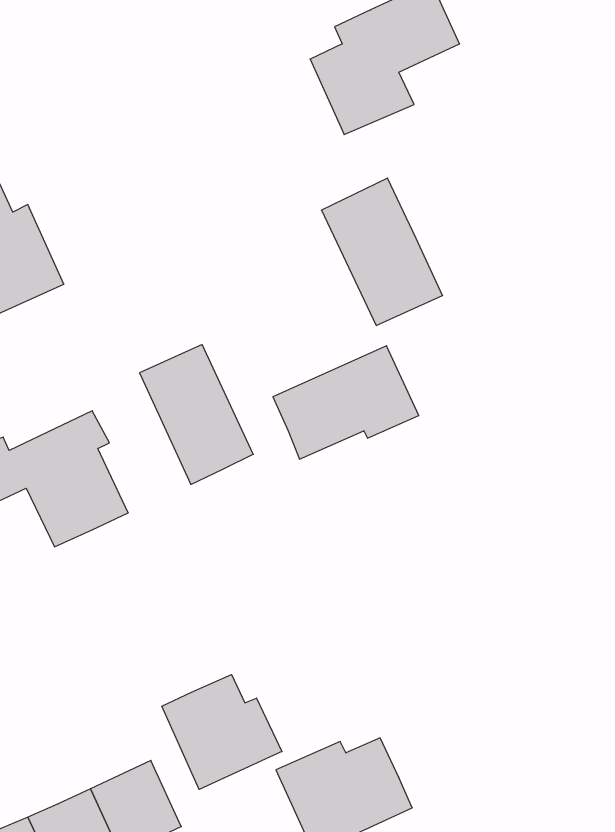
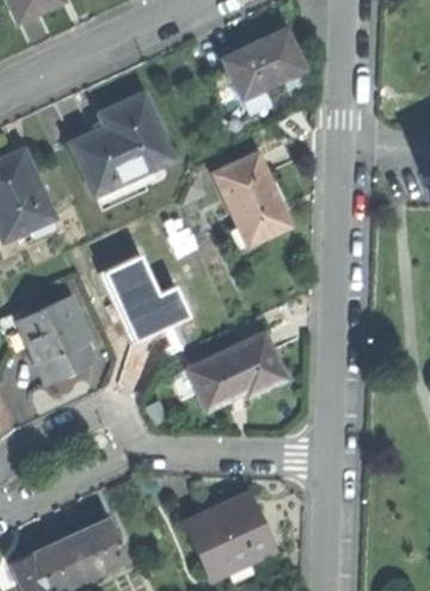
building: none -> [72,92,173,207]
building: [273,346,419,459] -> [195,333,287,405]
building: [162,675,282,789] -> none

